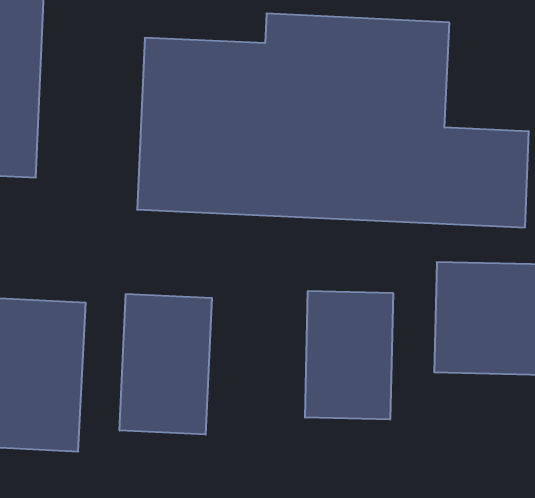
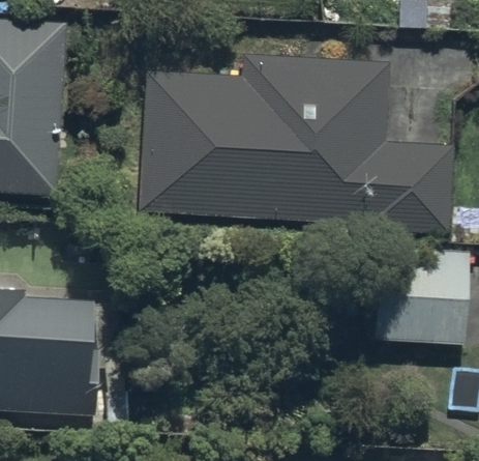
building: [305,291,393,420] -> none
building: [120,294,212,435] -> none

